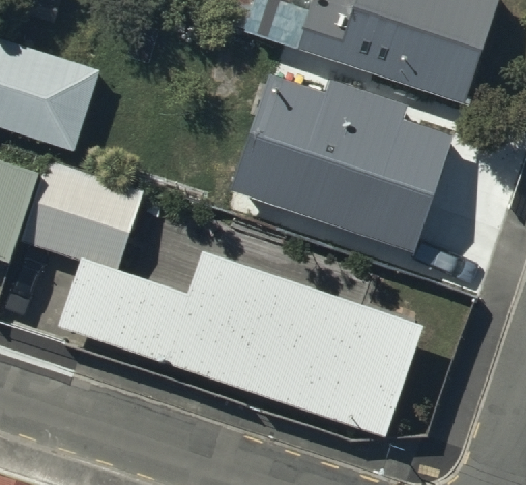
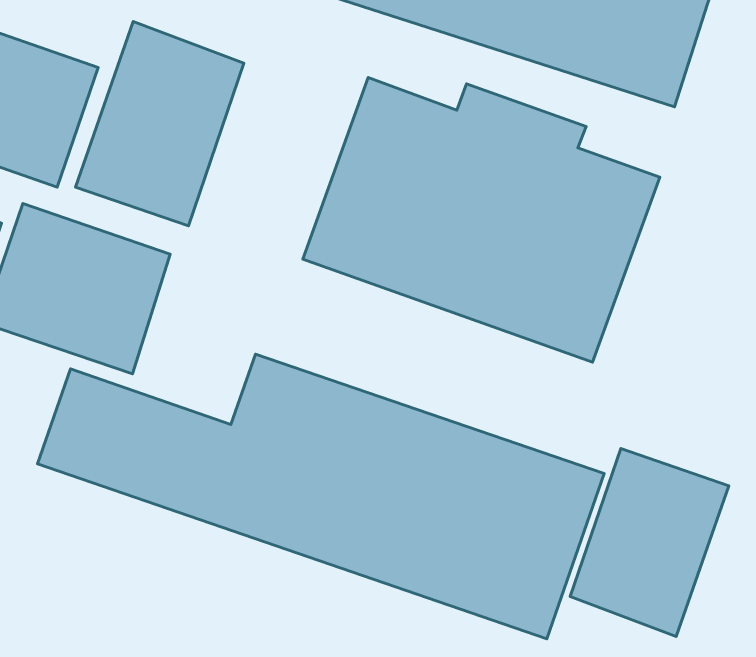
building: none -> [76,22,244,226]
building: none -> [570,449,729,636]

